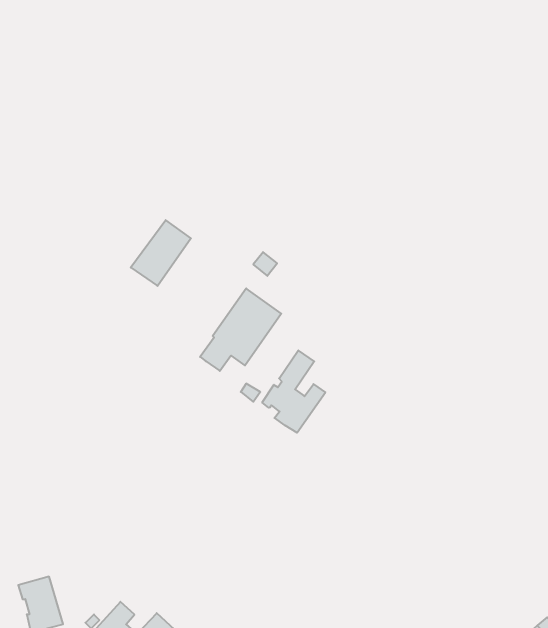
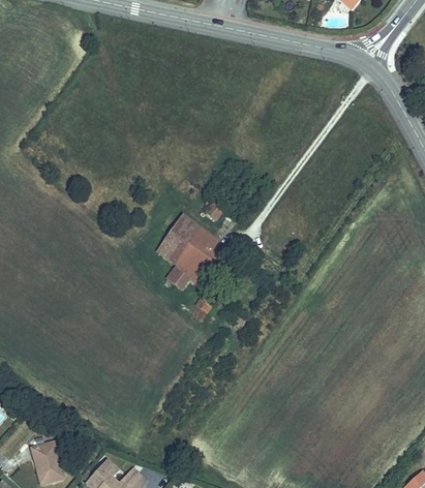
building: [131,220,191,286] -> [156,215,201,264]
building: [262,350,325,433] -> none

